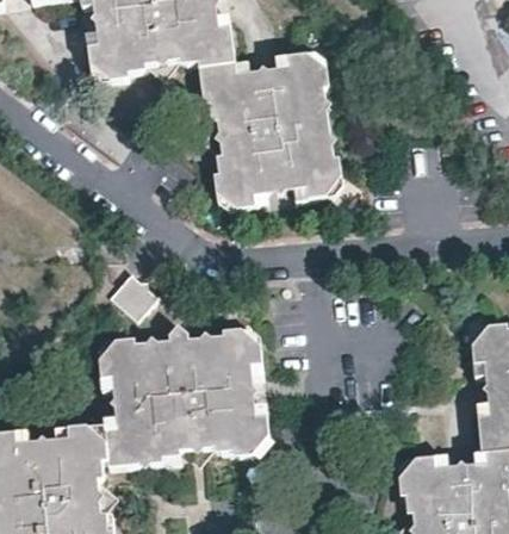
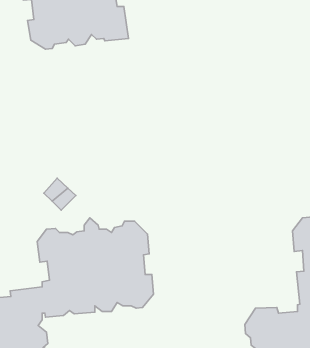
building: [198,50,341,207] -> none

